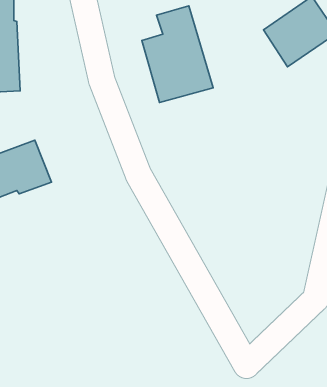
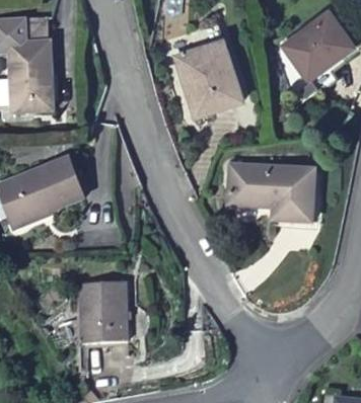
building: none -> [218,170,311,228]
building: none -> [81,277,125,332]

